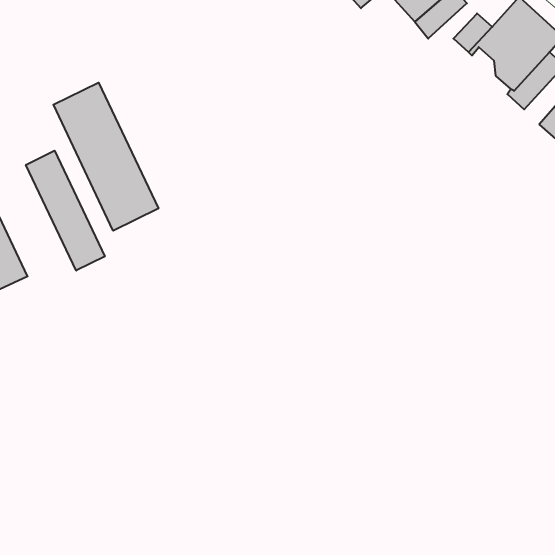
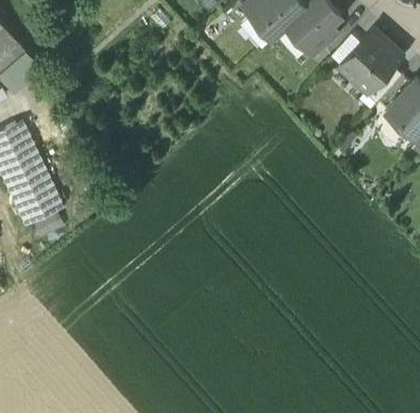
building: [53,83,158,231] -> none
building: [26,151,105,271] -> none

